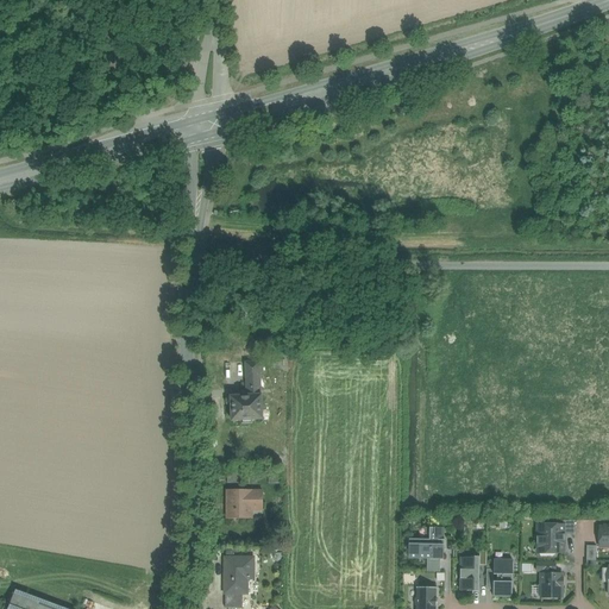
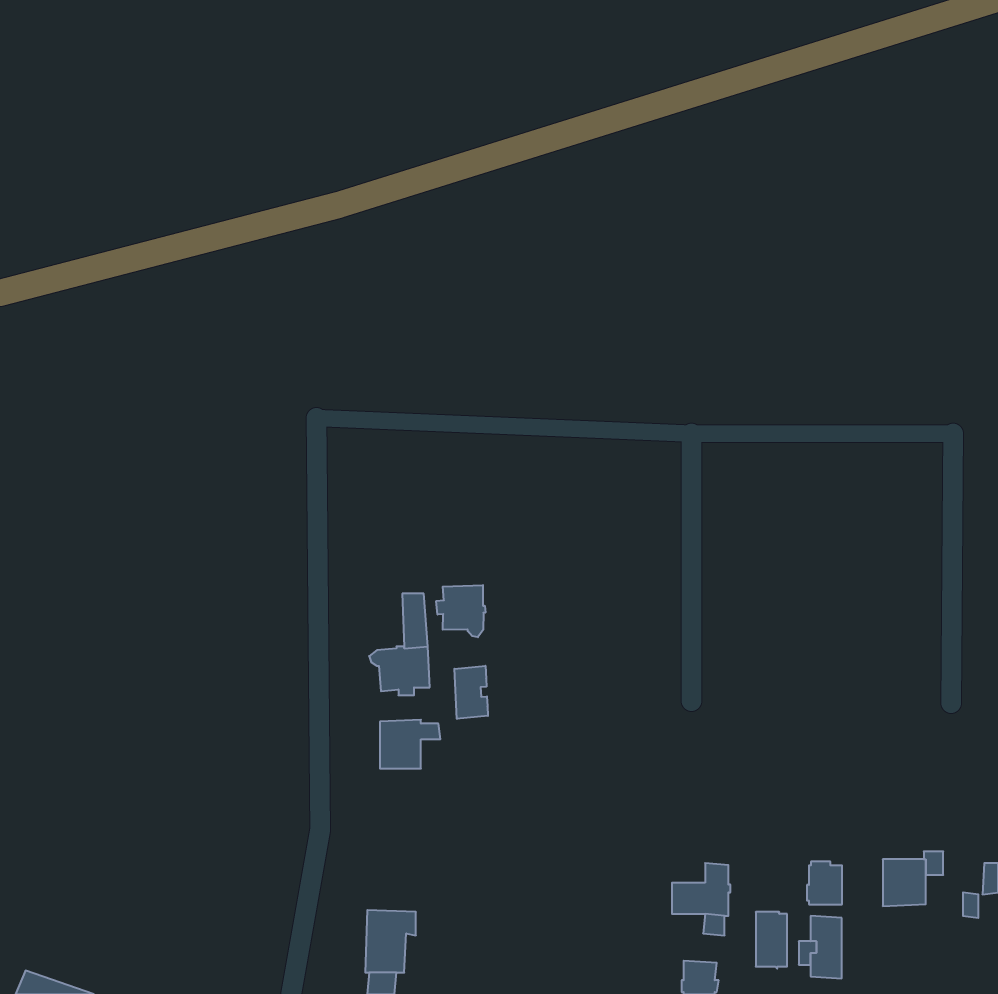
building: none -> [436,585,485,637]
building: none -> [454,666,488,719]
building: [226,489,263,519] -> [380,720,440,769]
building: [540,570,561,596] -> [807,862,842,904]

